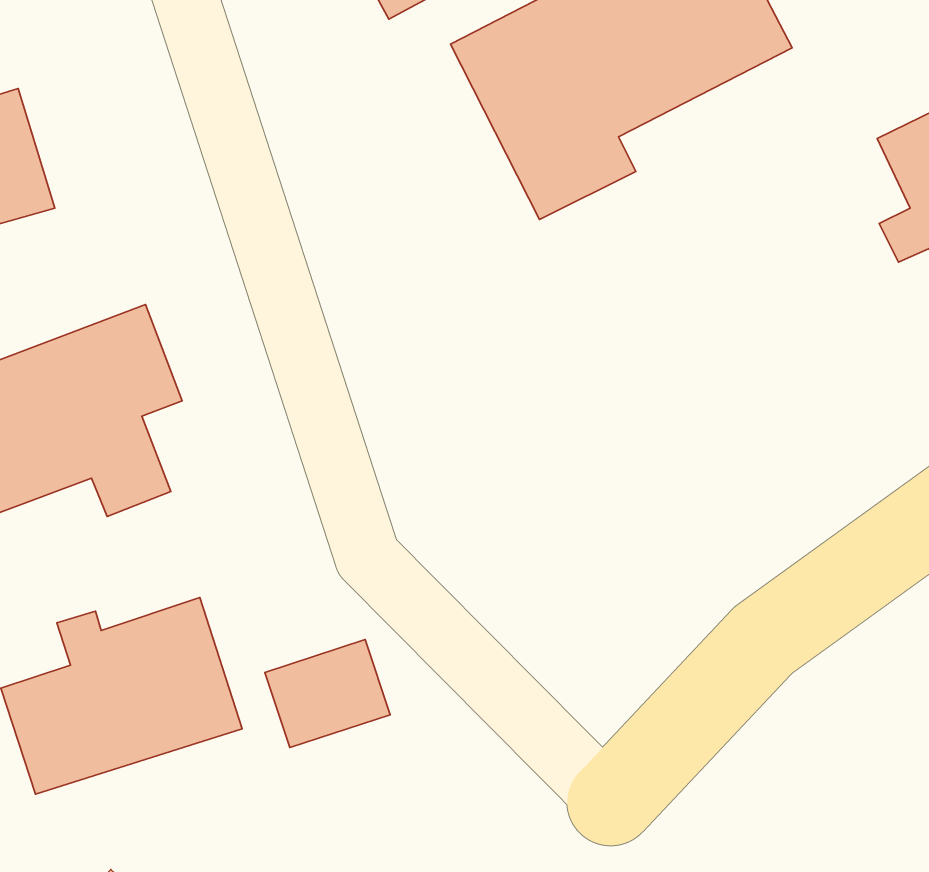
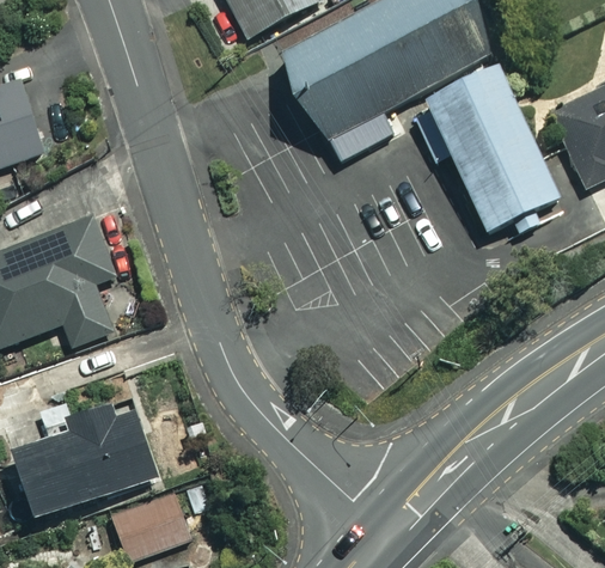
building: none -> [411,67,567,243]
building: [265,640,390,748] -> [111,494,189,561]

